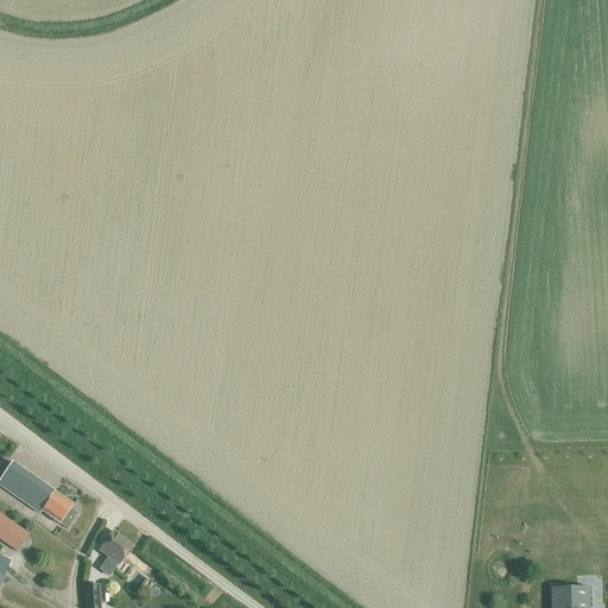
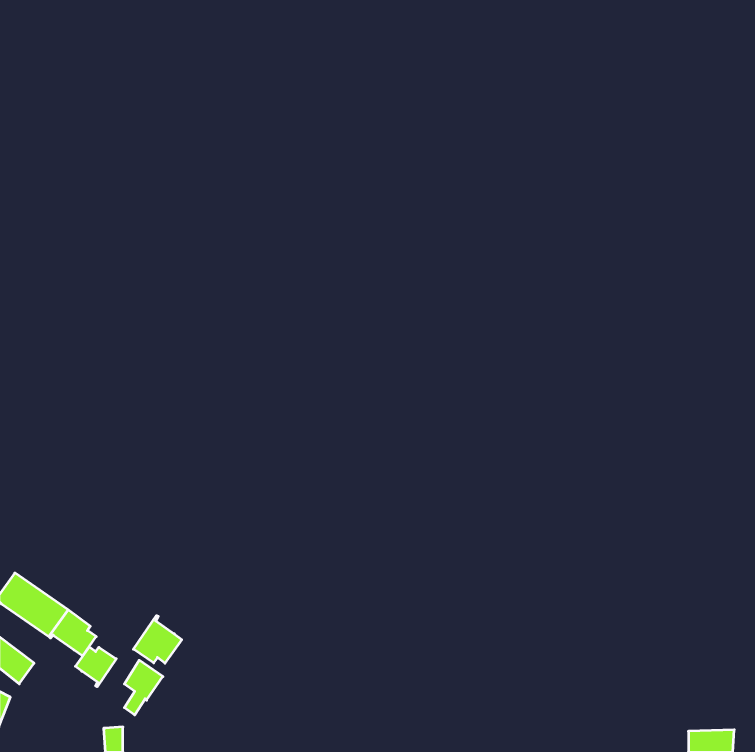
building: none -> [133,616,182,663]
building: none -> [75,647,116,687]

